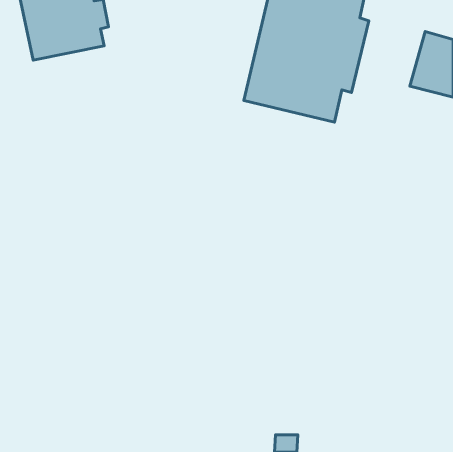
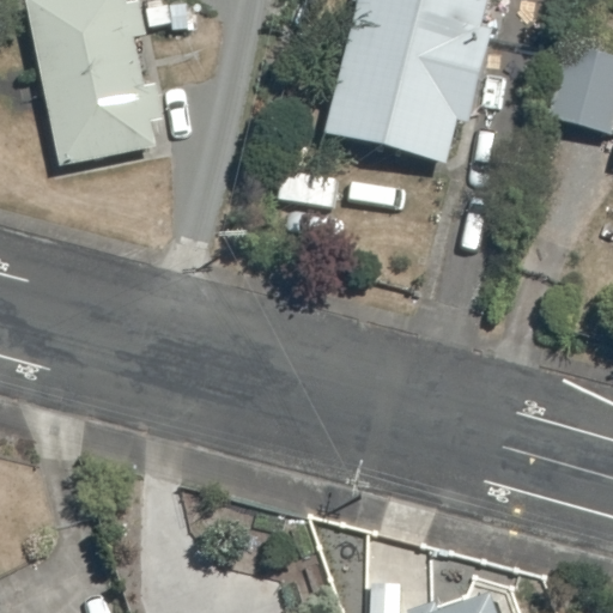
building: none -> [44,61,164,163]

